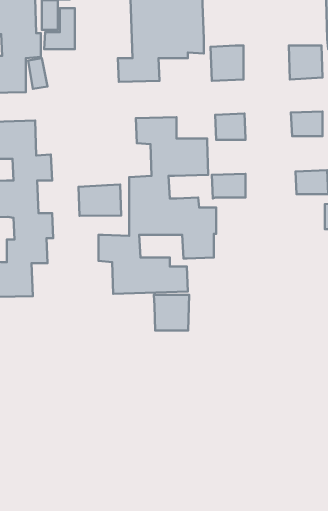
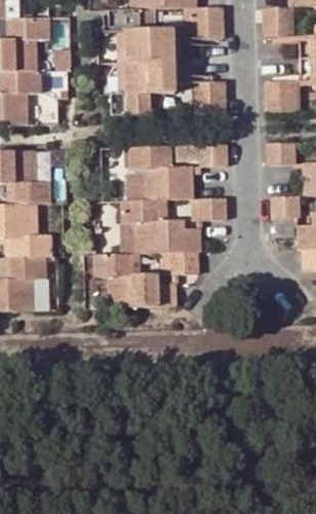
building: [79,185,121,216] -> none
building: [154,295,189,331] -> none

